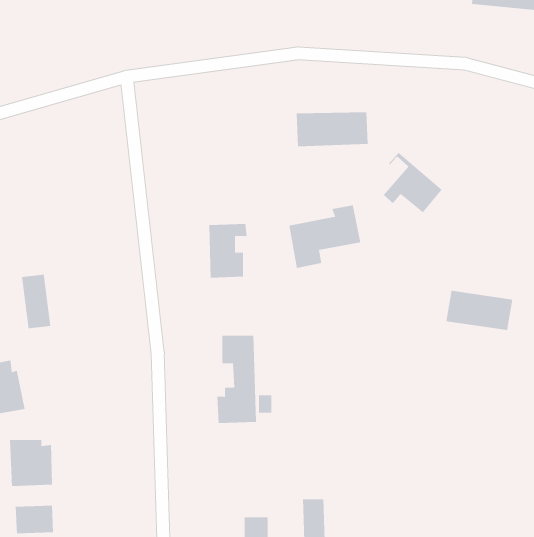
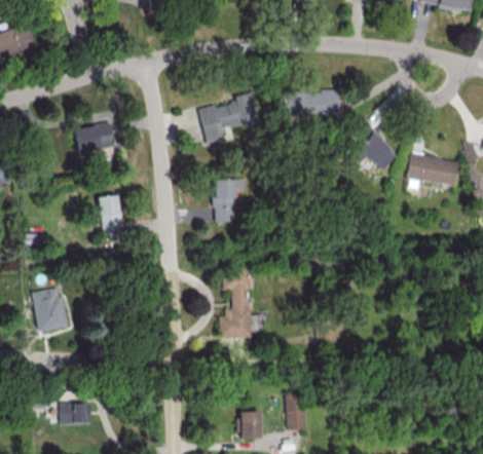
building: none -> [75,123,114,151]
building: [289,205,361,268] -> [199,92,257,143]
building: [21,274,51,329] -> [99,195,122,238]
building: [445,290,513,331] -> [406,153,459,185]
building: [10,439,52,487] -> none

